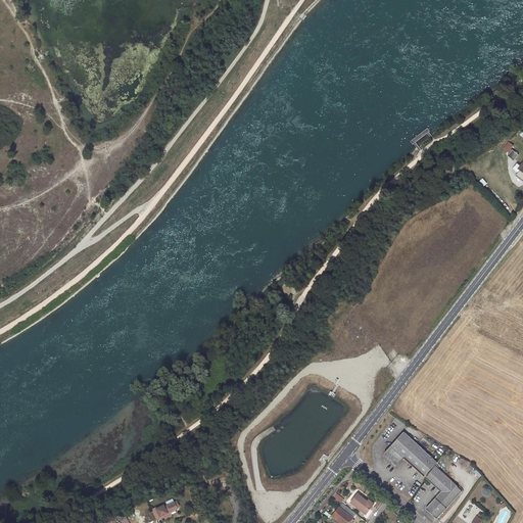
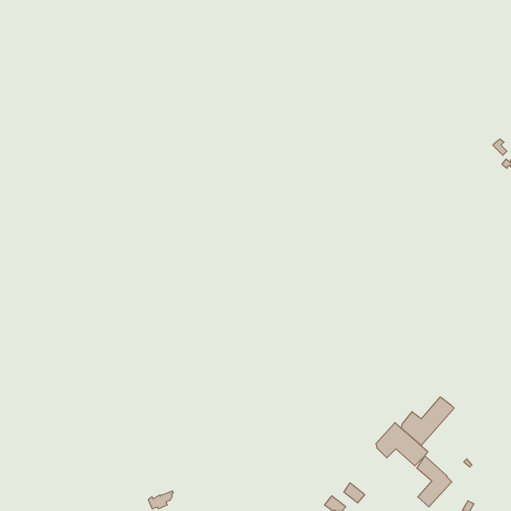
building: none -> [401,397,454,445]

